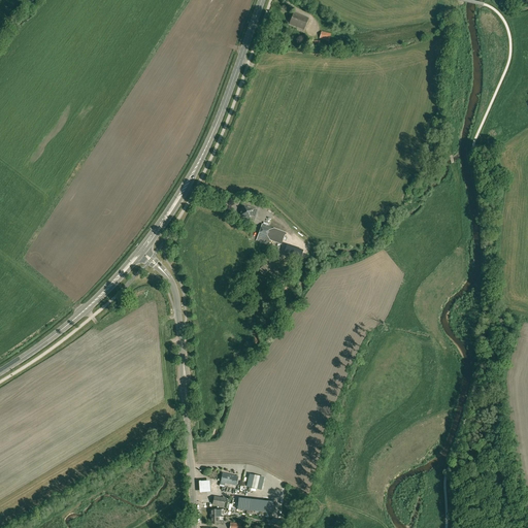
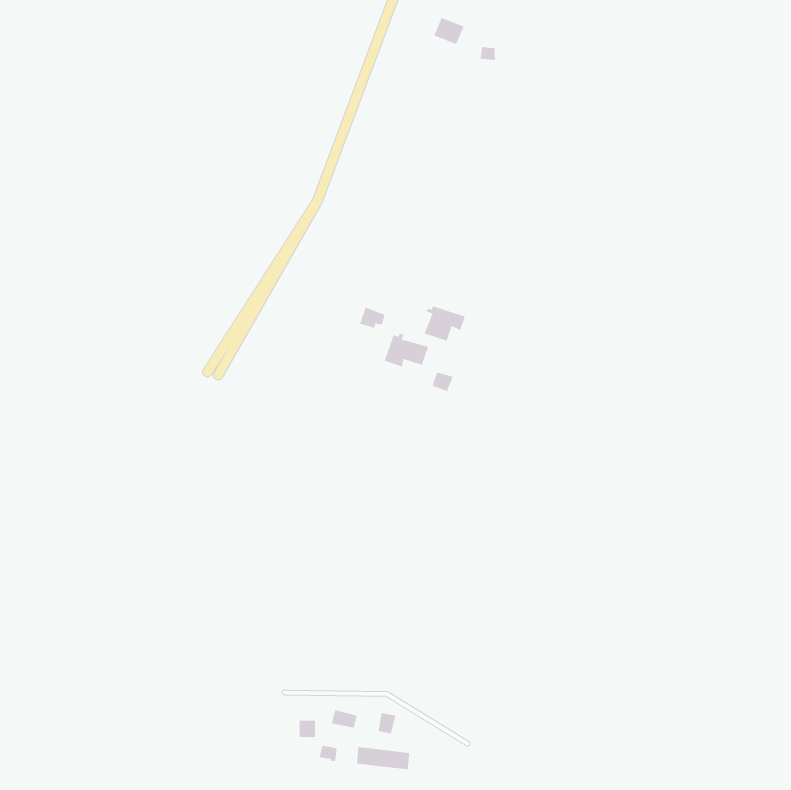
building: none -> [424,305,466,342]

